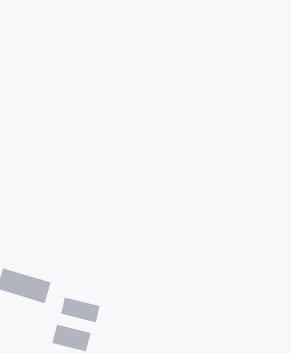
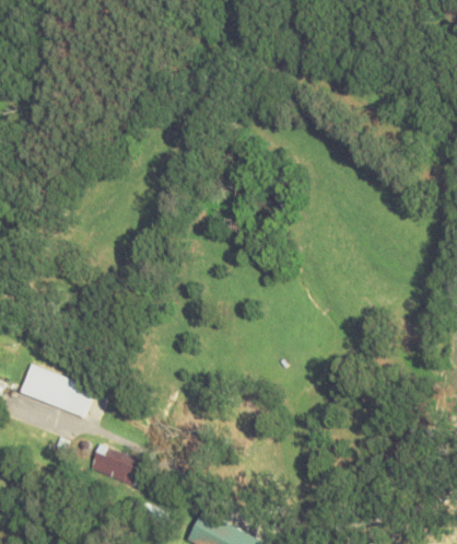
building: [61,297,100,323] -> none

